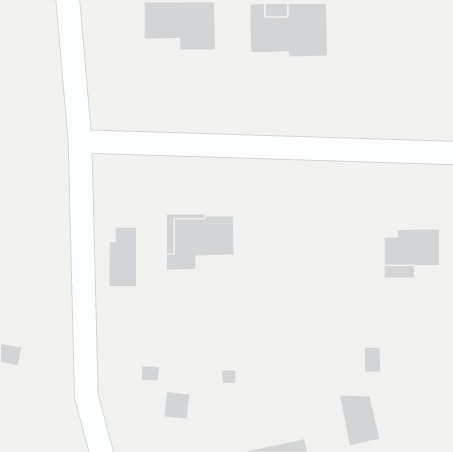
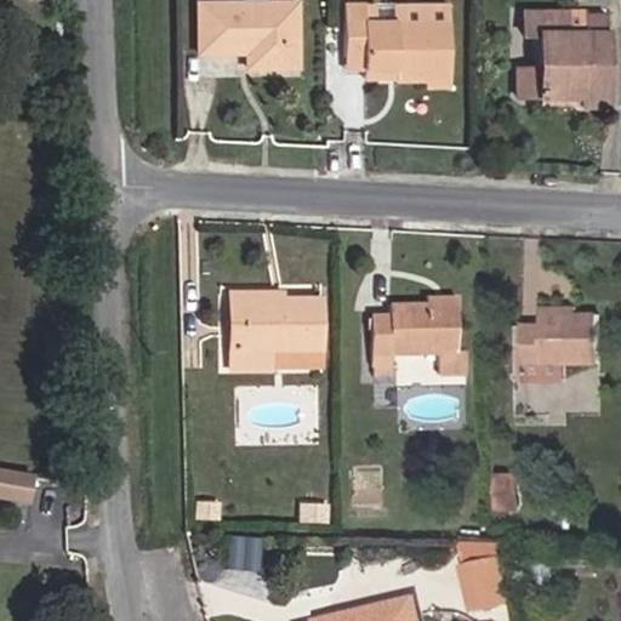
building: none -> [517,11,606,107]
building: none -> [370,302,466,375]
building: [109,227,137,287] -> none

